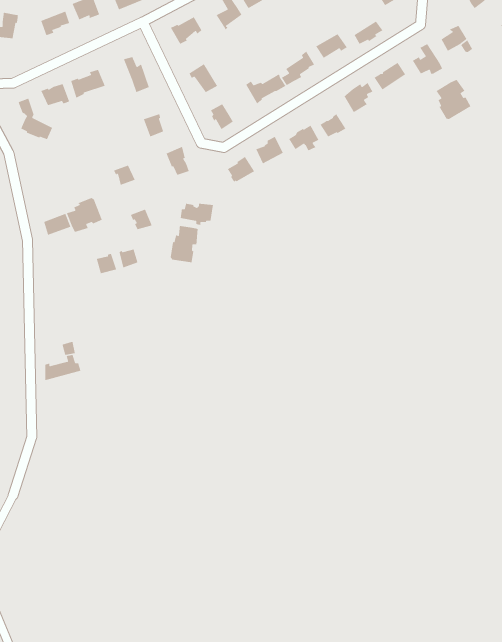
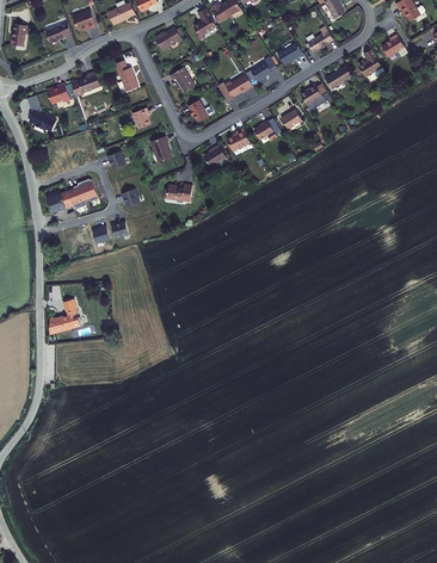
building: [435,79,472,120] -> none
building: [170,225,198,263] -> none

